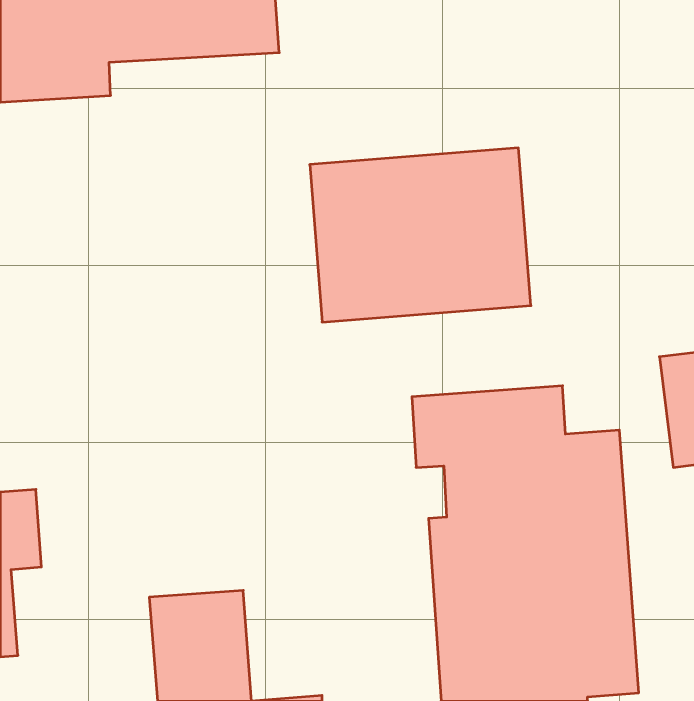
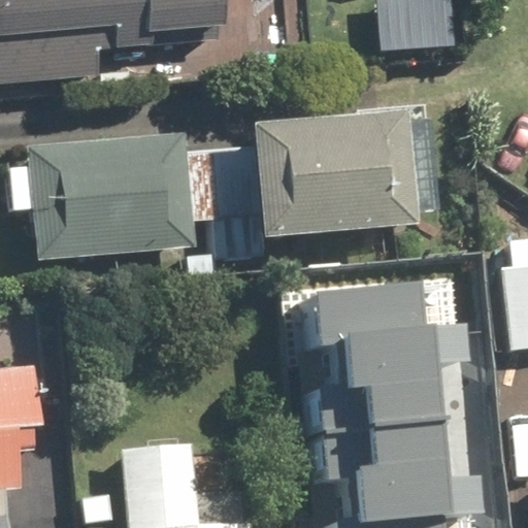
building: none -> [23,130,195,261]

